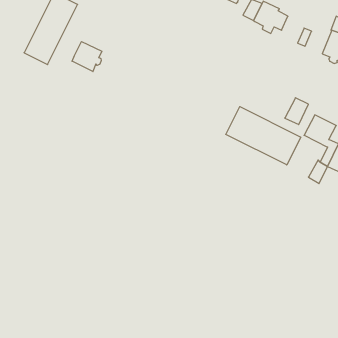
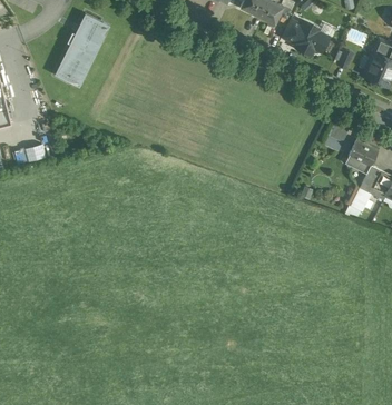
building: [72,42,102,72] -> none
building: [226,107,301,165] -> none

